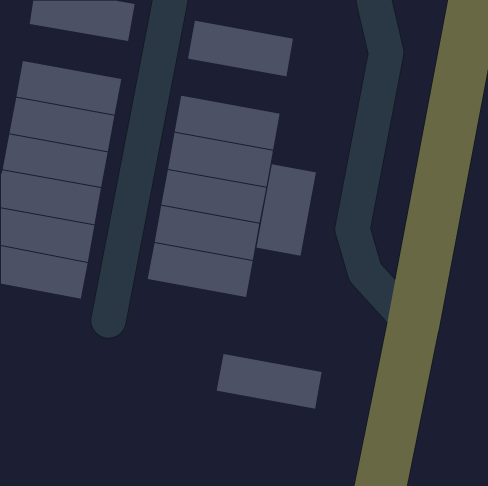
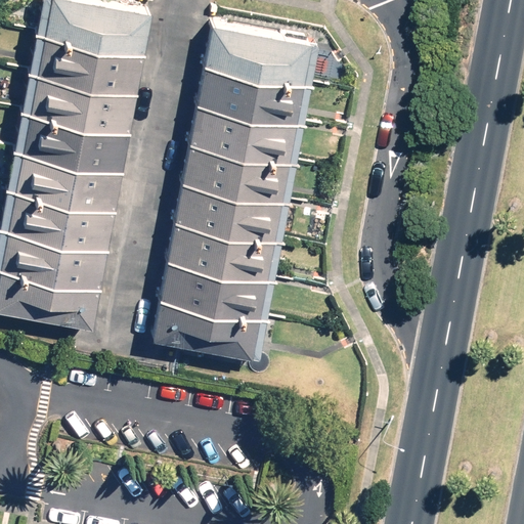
building: none -> [27,32,140,90]
building: none -> [195,69,309,127]
building: [256,163,316,257] -> none
building: [216,353,323,409] -> [152,303,266,362]

